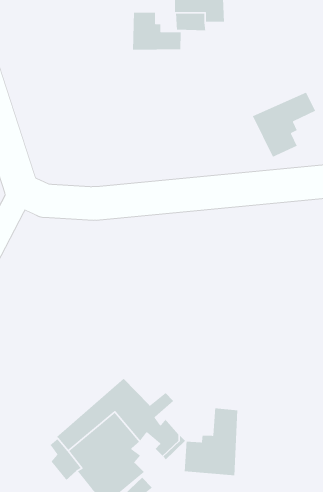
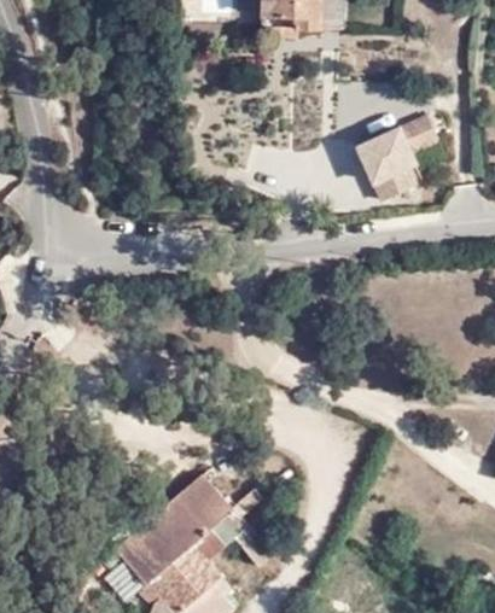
building: [132,12,182,50] -> none
building: [184,408,238,476] -> none

